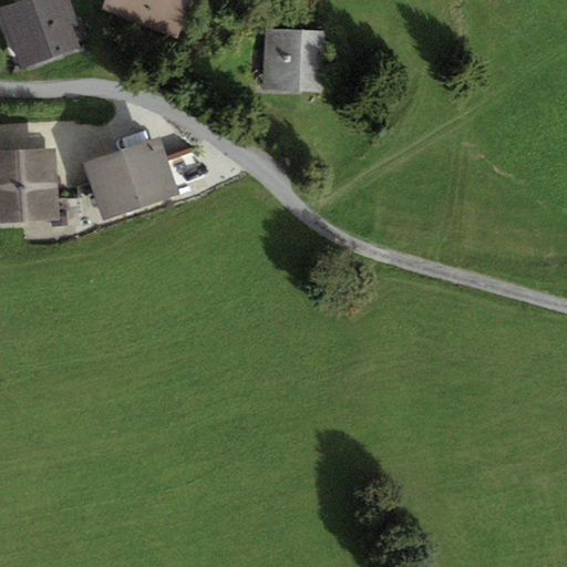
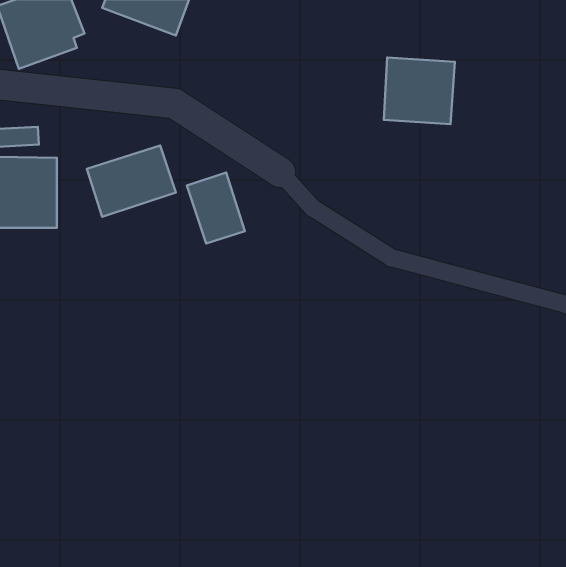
building: [258,25,329,92] -> [384,57,455,124]
building: none -> [187,173,245,244]

